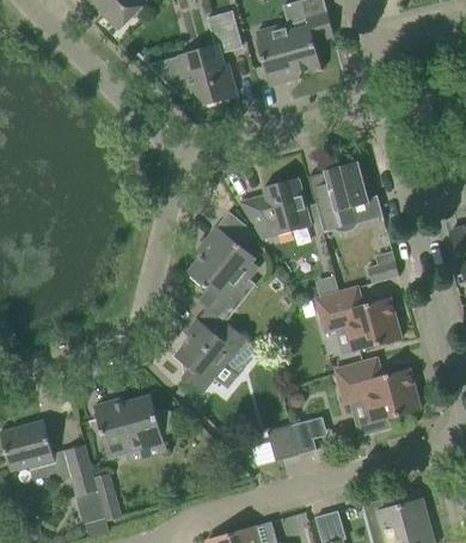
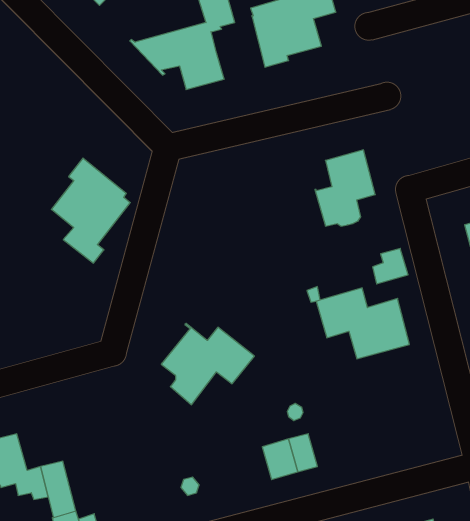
building: [241,177,312,237] -> none
building: [189,225,260,321] -> [51,158,130,263]
building: [336,358,422,422] -> none
building: [96,393,176,457] -> none

